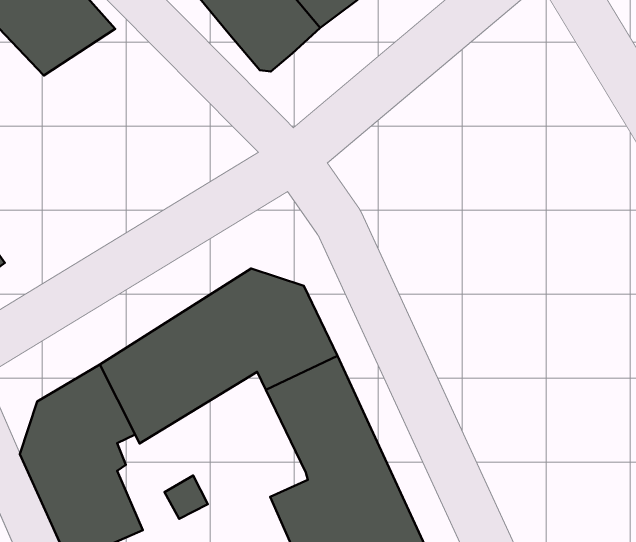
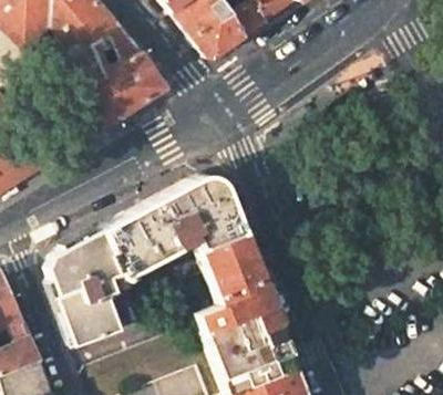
building: none -> [63,29,167,131]

